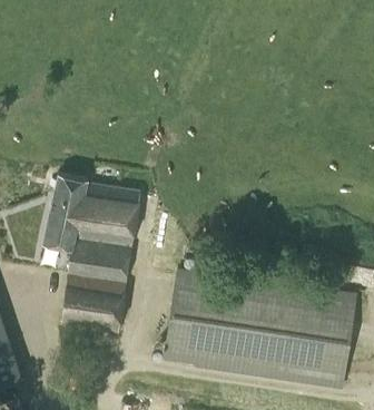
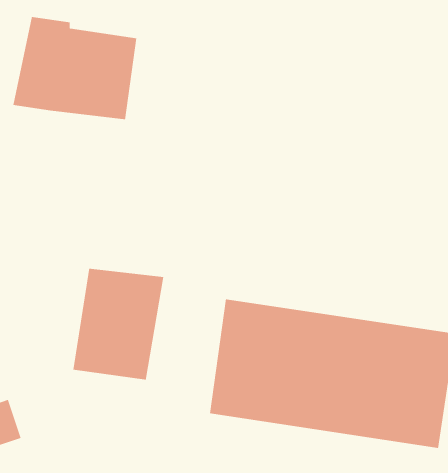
building: [45,176,140,255] -> [12,16,137,120]

